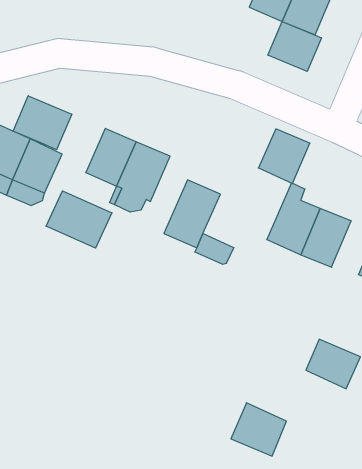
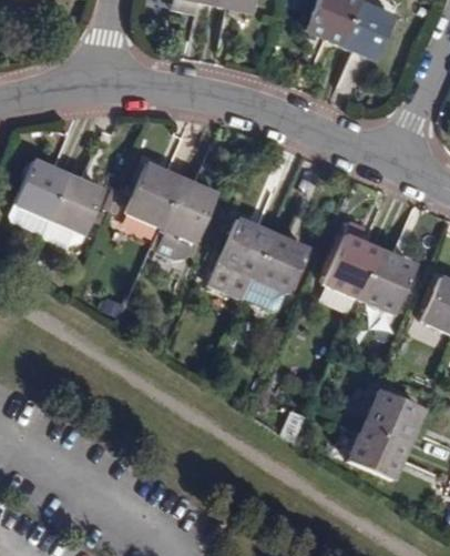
building: [268,21,321,71] -> none
building: [13,96,72,150] -> none
building: [258,129,310,183] -> [255,232,310,291]
building: [46,191,112,248] -> none
building: [231,403,286,456] -> [349,422,409,479]

